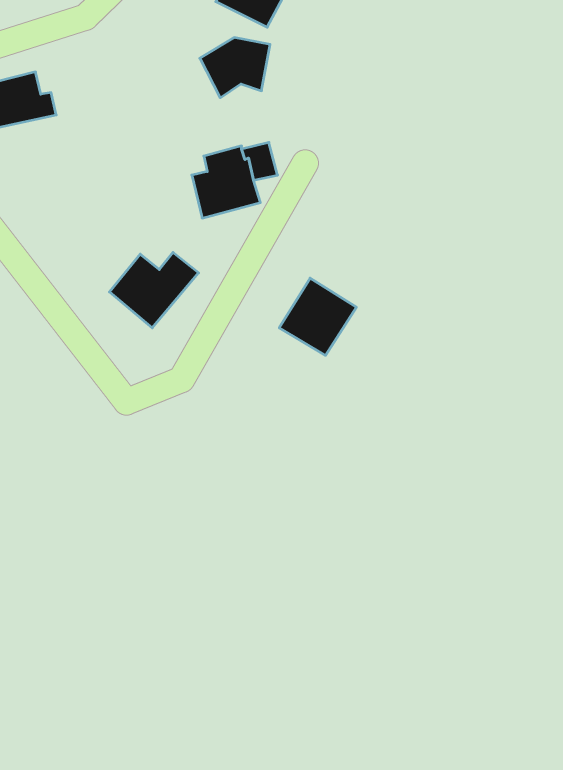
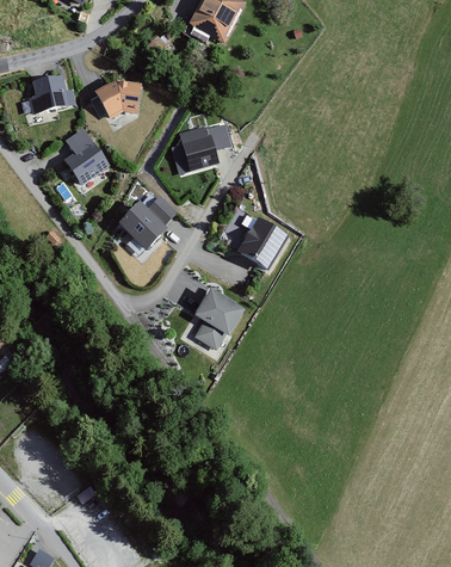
building: [200,38,270,98] -> [93,78,142,119]
building: none -> [61,128,106,186]
building: none -> [194,288,246,347]

